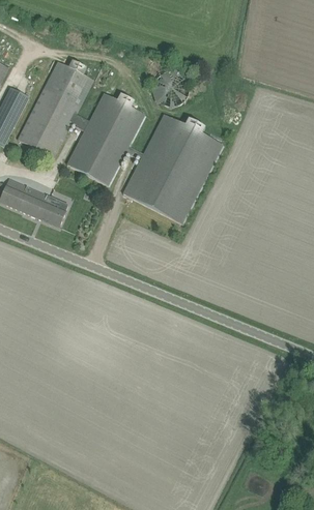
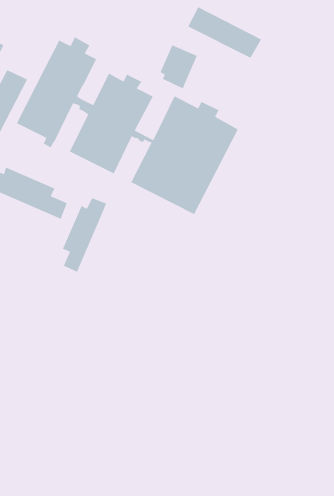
building: none -> [187,6,262,59]
building: none -> [62,197,107,273]

